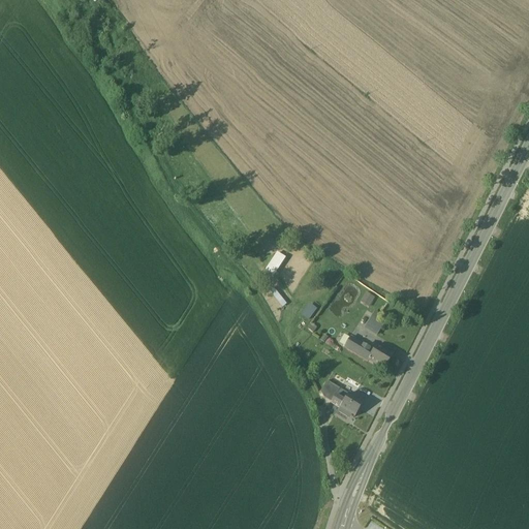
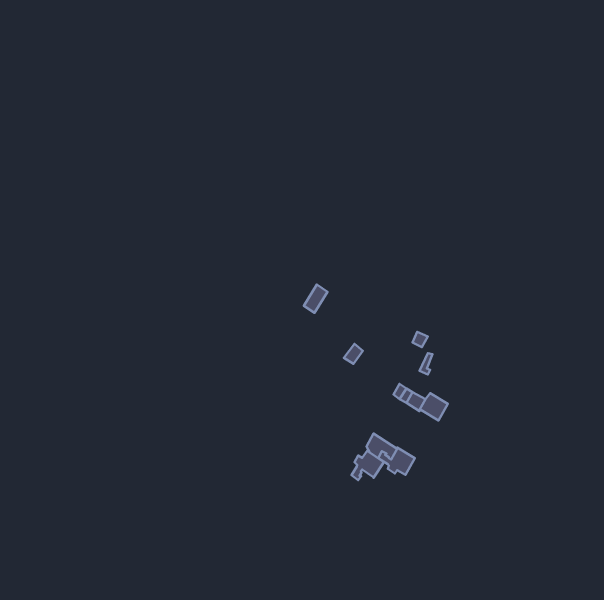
building: none -> [351,451,384,480]

